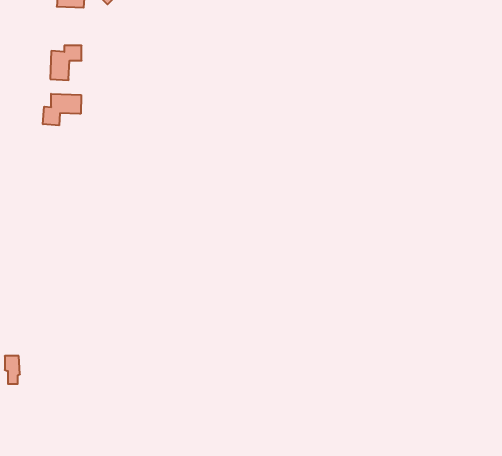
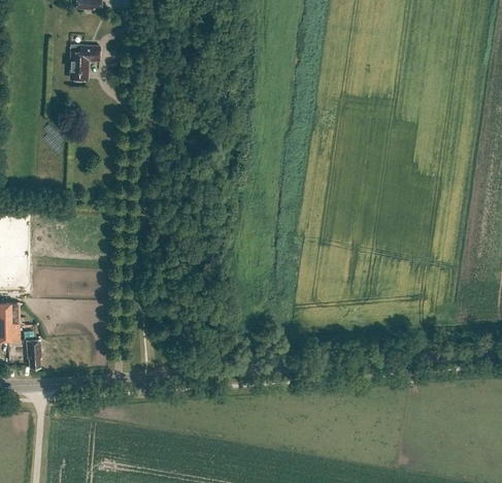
building: [43,94,81,125] -> none

